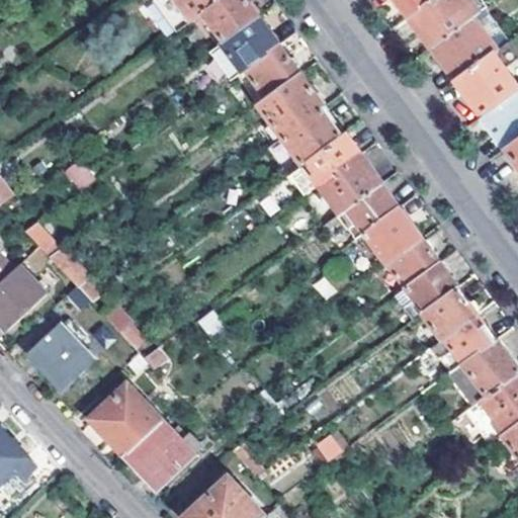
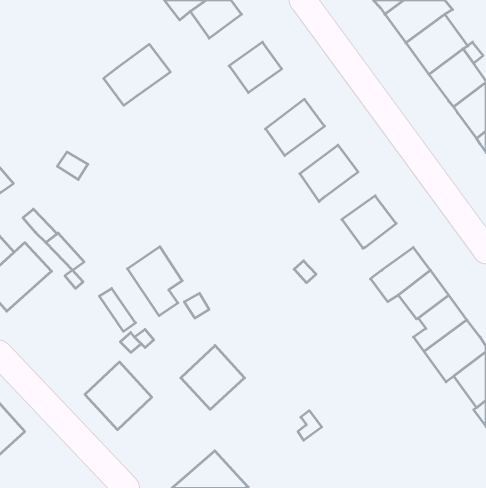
building: [207,15,278,80] -> [104,44,170,105]
building: [257,73,323,137] -> none
building: [289,134,358,194] -> none
building: [344,182,398,233] -> none
building: [386,237,438,286] -> none
building: none -> [127,247,182,316]
building: [28,324,91,386] -> none
building: [124,421,192,489] -> [181,345,245,409]

